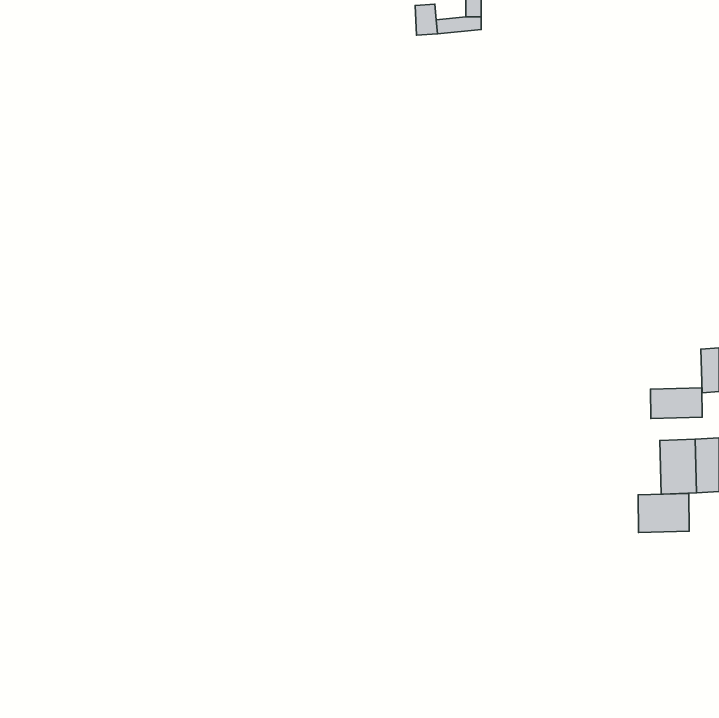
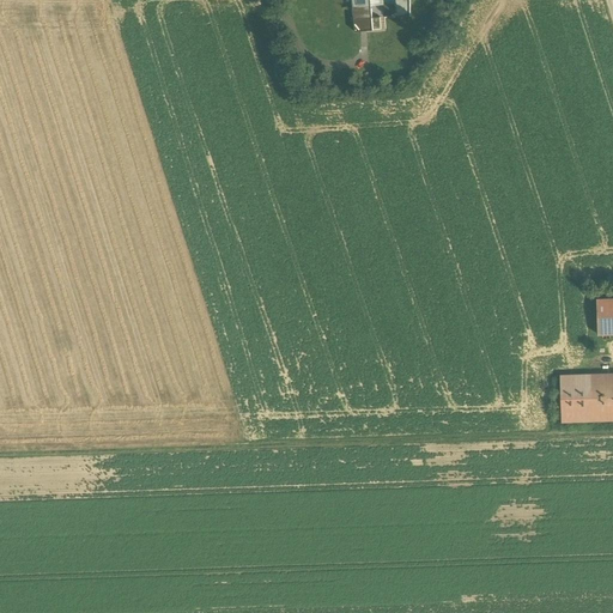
building: [650,388,702,419] -> none
building: [638,493,689,533] -> none

